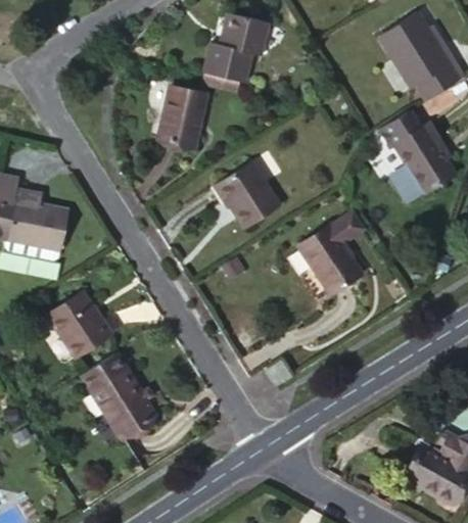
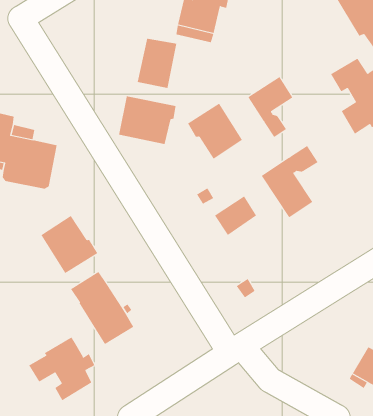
building: none -> [248,76,293,138]
building: none -> [119,96,176,145]
building: none -> [214,195,257,236]
building: none -> [28,336,95,401]

